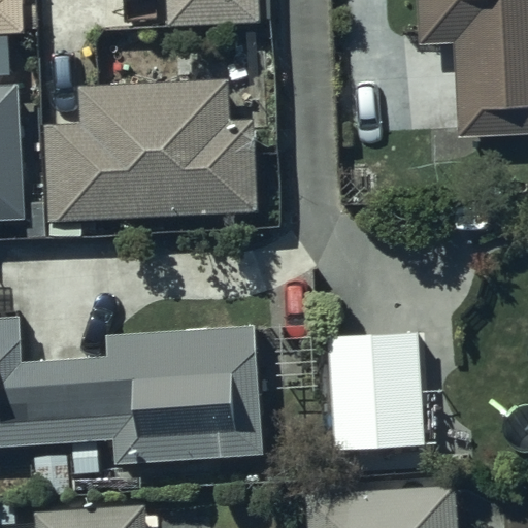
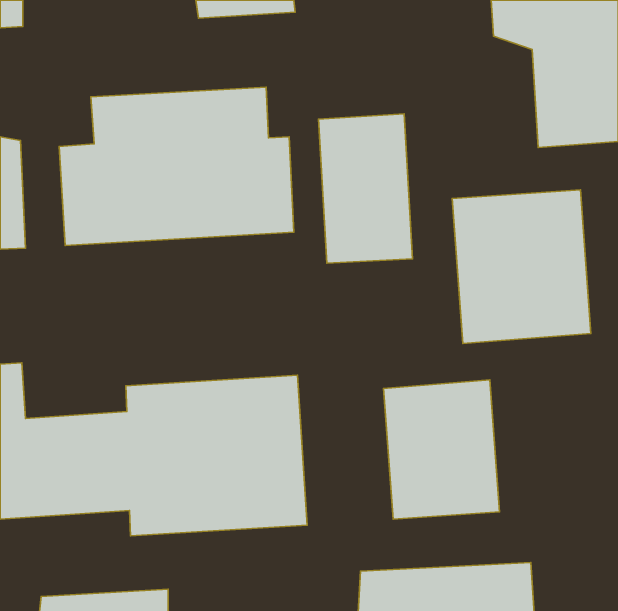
building: none -> [319,114,413,263]
building: none -> [452,190,591,343]

